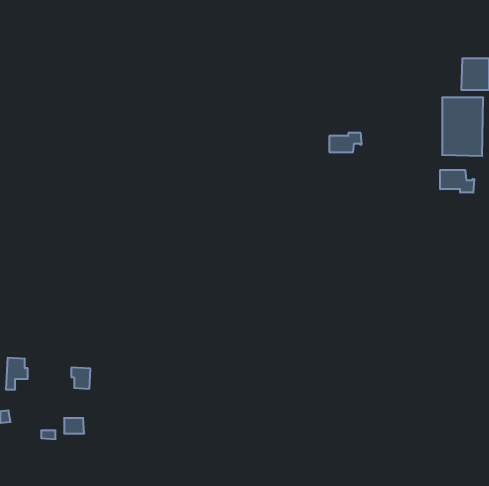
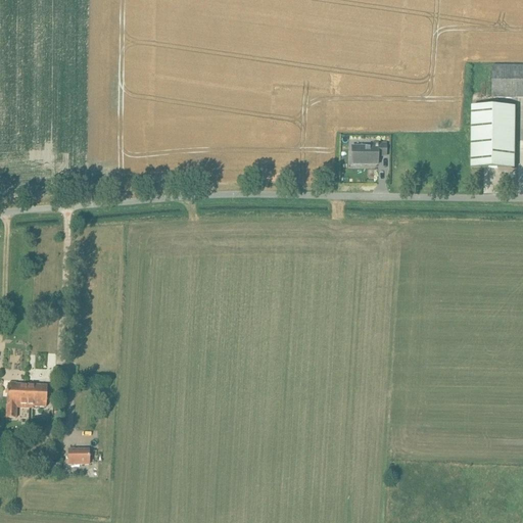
building: [440,170,474,193] -> none
building: [71,368,90,389] -> [27,383,47,406]

